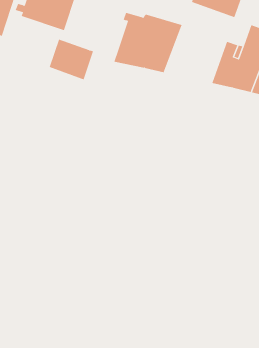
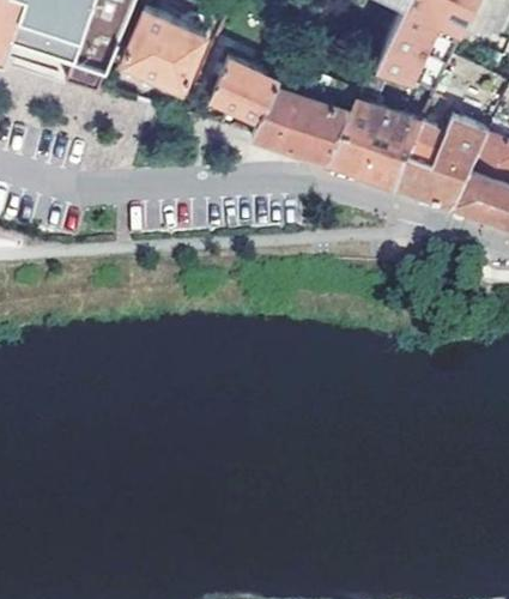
building: none -> [326,102,422,187]
building: [49,39,94,80] -> [210,61,278,126]

